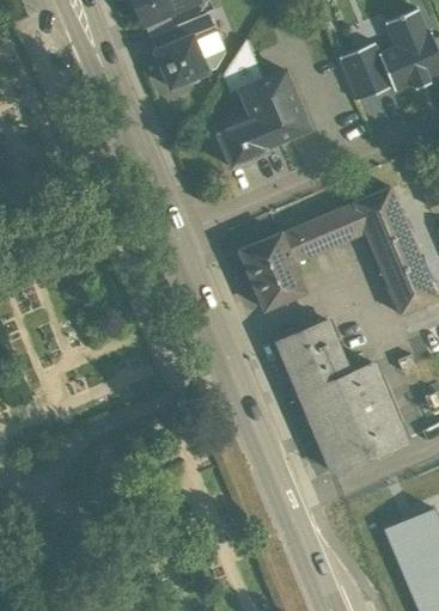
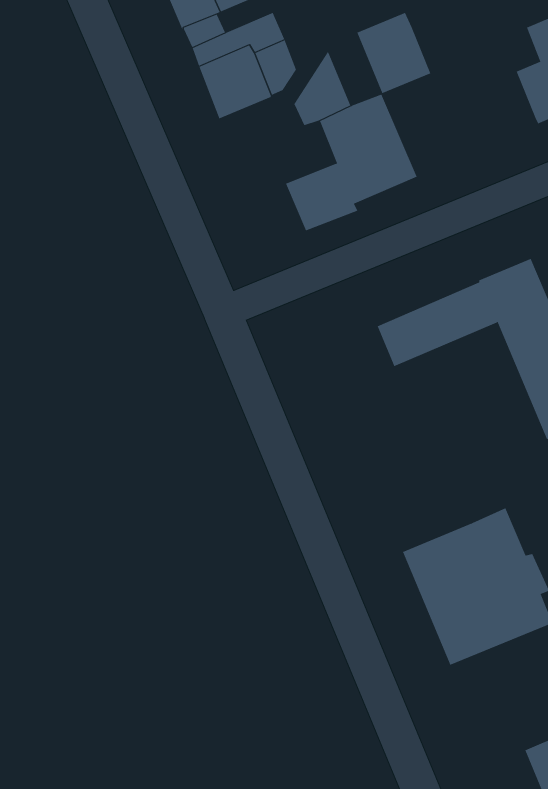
building: [340,43,392,100] -> [356,12,431,94]
building: [239,232,306,308] -> none
building: [270,319,348,392] -> none

